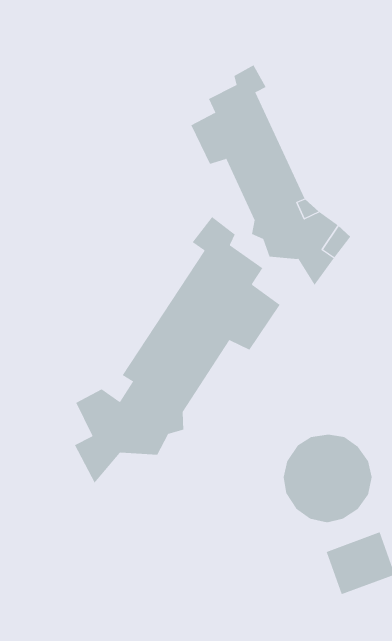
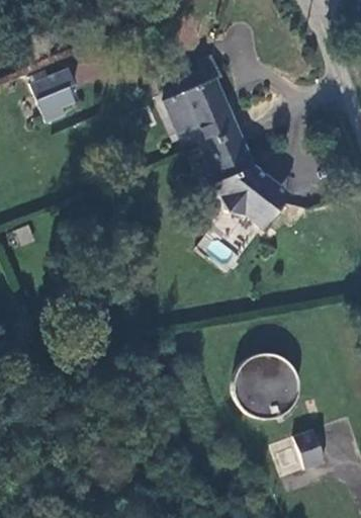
building: none -> [27,67,75,122]
building: [74,216,281,484] -> none

